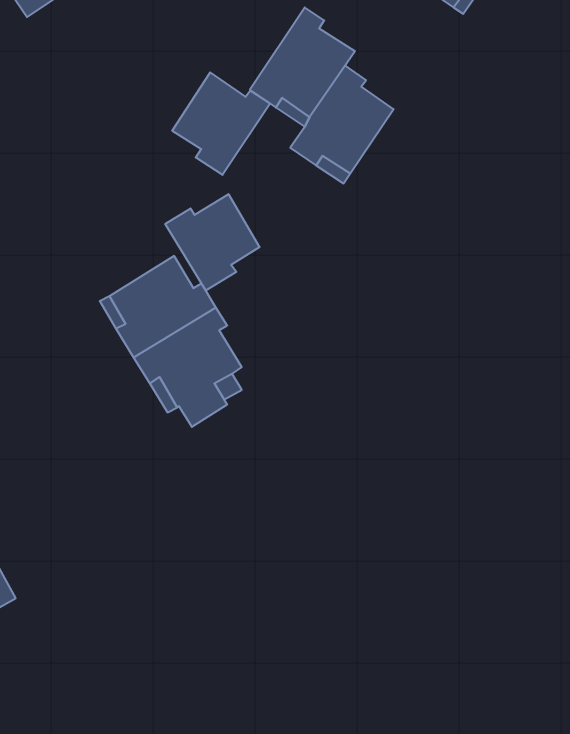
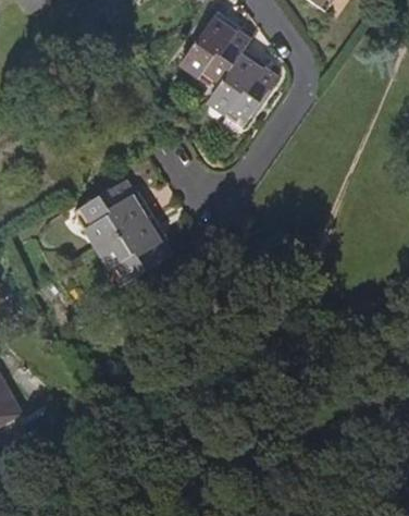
building: [172,72,270,175] -> none
building: [165,194,260,290] -> none

